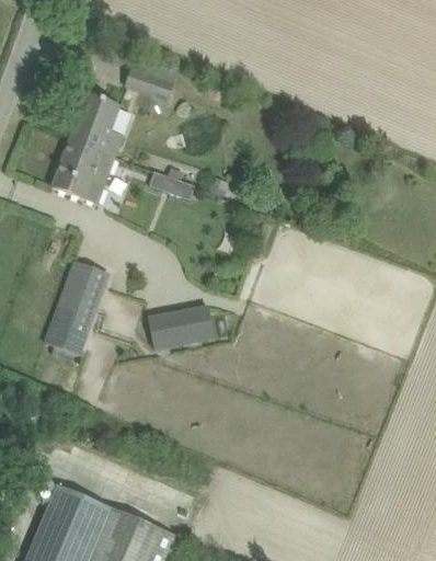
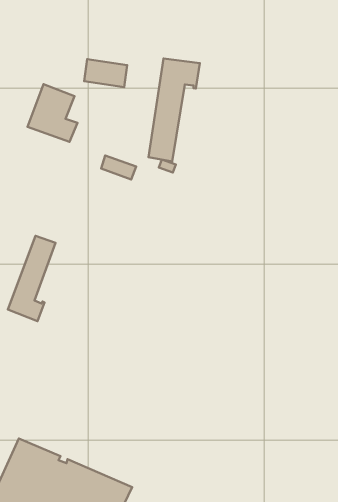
building: none -> [149,59,200,161]
building: [50,141,113,206] -> none
building: [150,301,220,352] -> none

